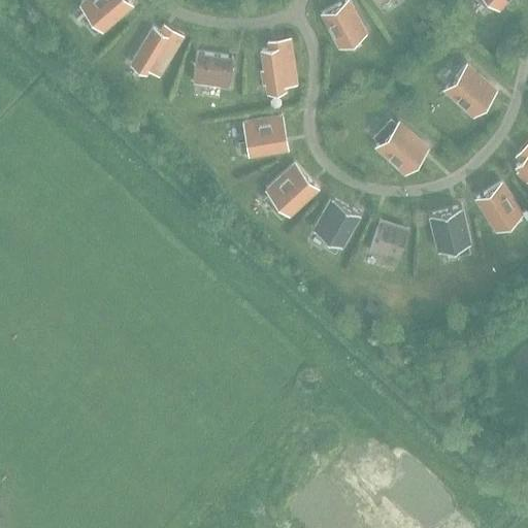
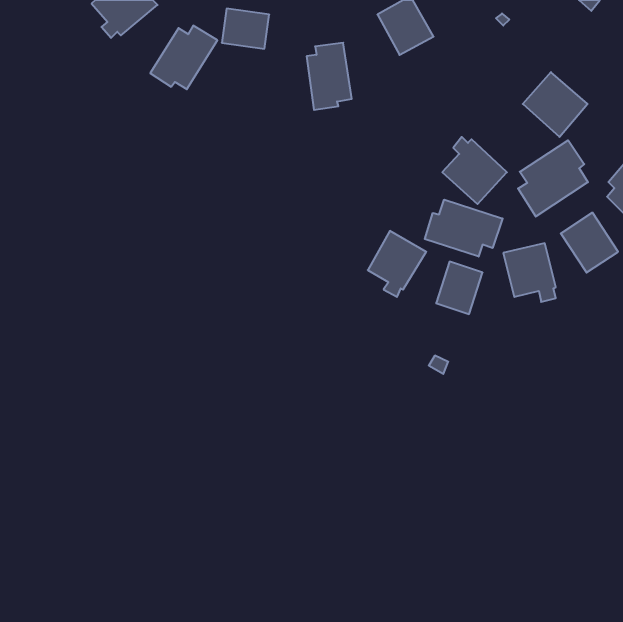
building: [193,53,233,87] -> [222,9,269,49]
building: [238,114,289,157] -> none
building: none -> [518,140,588,217]
building: [264,162,320,220] -> none
building: none -> [425,200,503,257]

